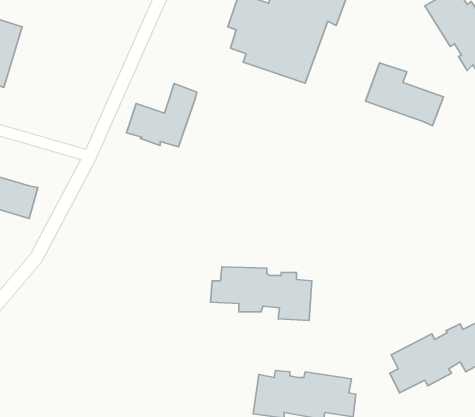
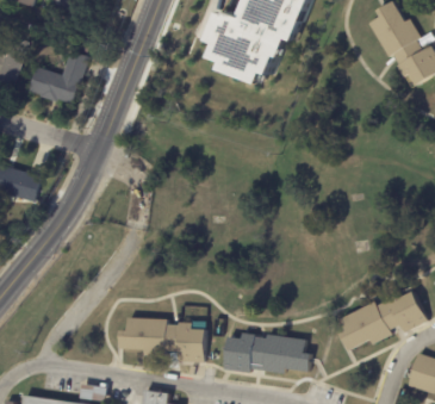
building: [365,63,443,126] -> none
building: [126,84,197,147] -> [27,51,87,105]
building: [211,267,312,320] -> [118,318,204,363]

